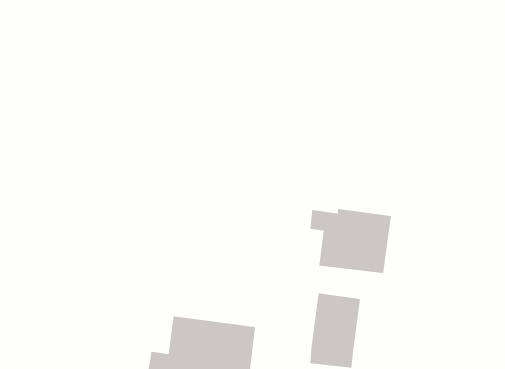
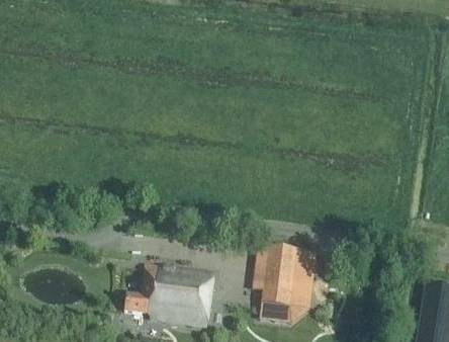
building: [310,208,392,274] -> none

